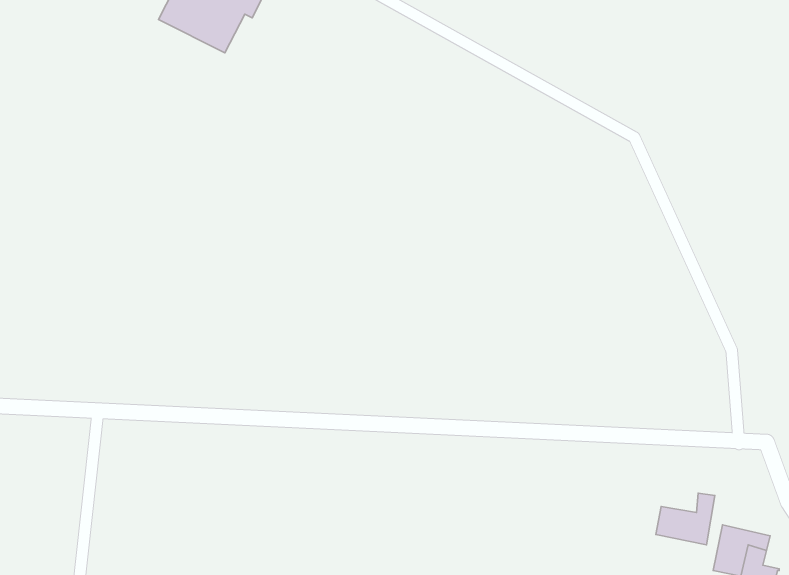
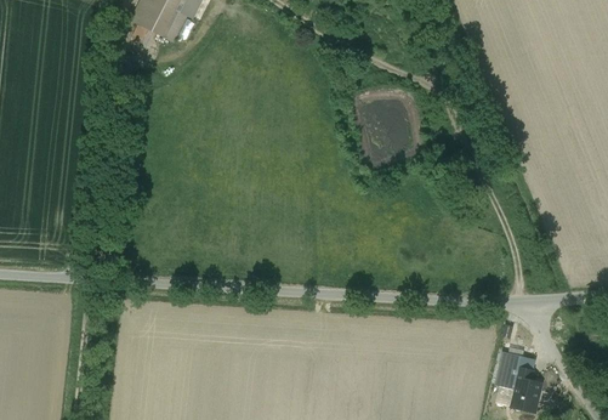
building: [656,493,715,545] -> none

